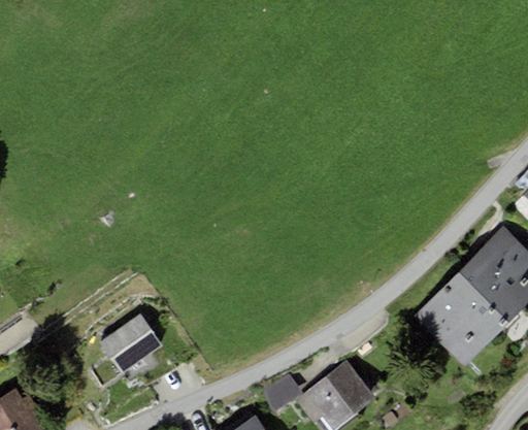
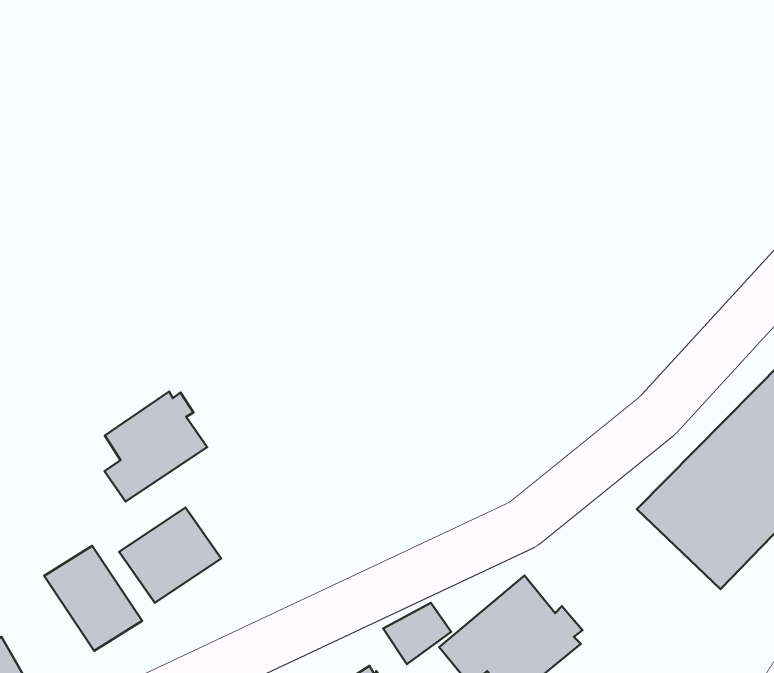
building: none -> [105,392,207,501]
building: none -> [44,546,142,651]

